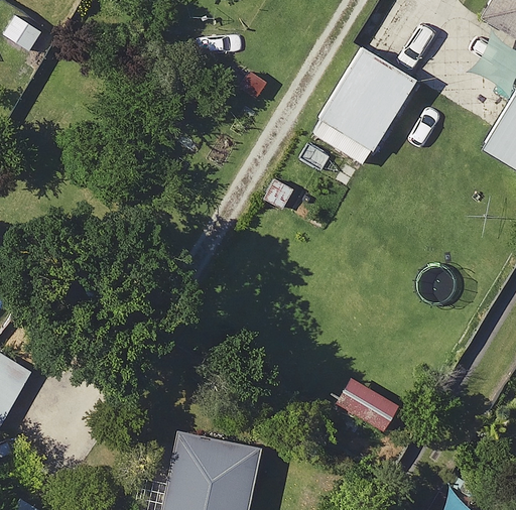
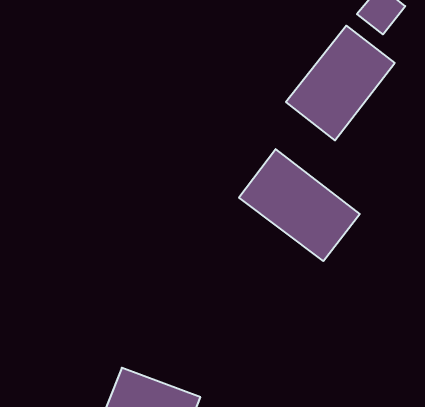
building: none -> [239,149,360,261]

